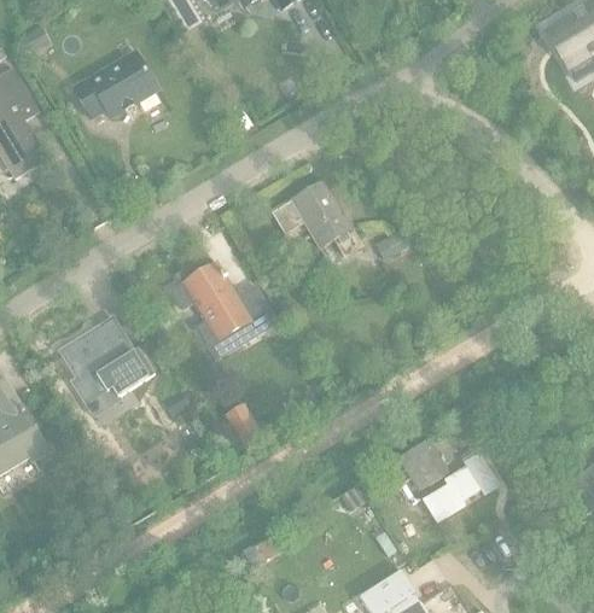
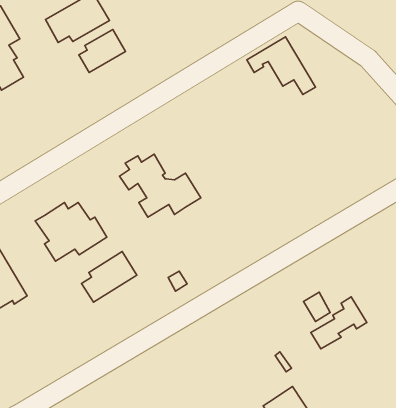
building: none -> [79,29,125,72]
building: [270,181,361,257] -> [247,37,316,94]
building: none -> [82,252,137,302]

